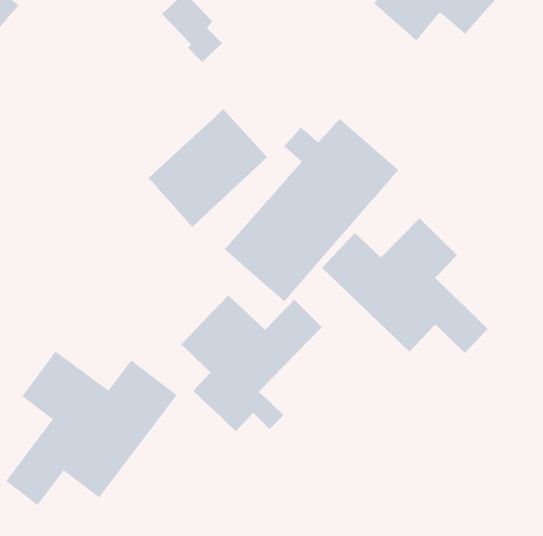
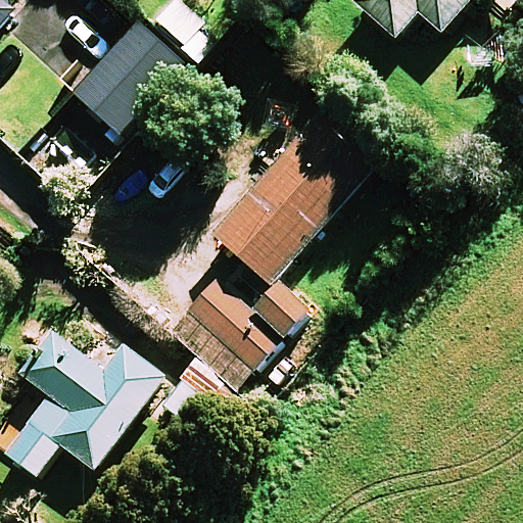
building: [148,109,268,228] -> [72,20,185,133]
building: [321,218,489,354] -> none

